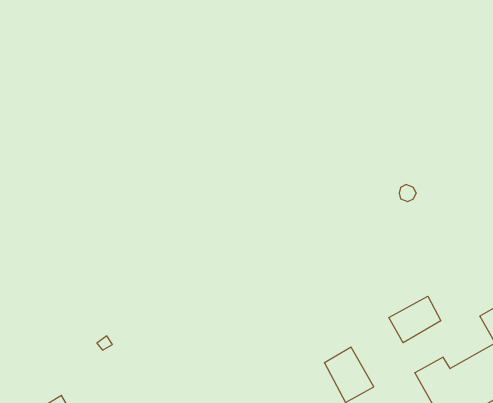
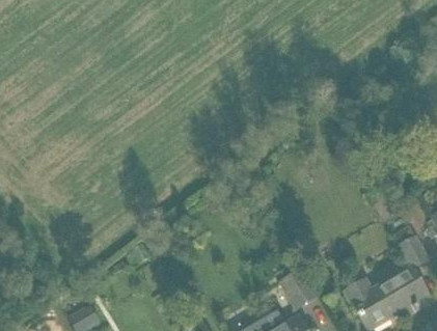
building: [389,296,441,343] -> none

